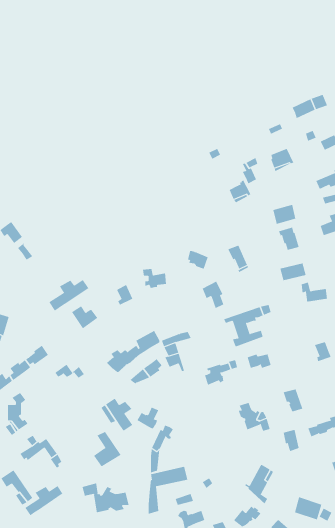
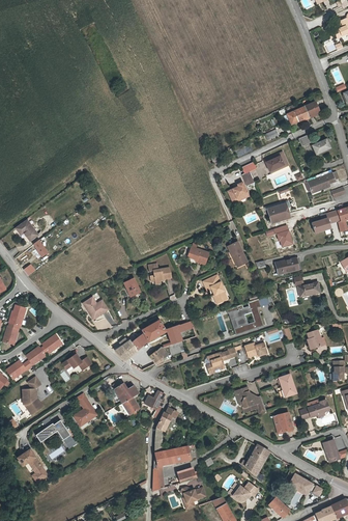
building: [48,279,89,311] -> none
building: [93,431,121,467] -> [72,393,98,427]
building: [82,483,129,513] -> none
building: [25,485,63,516] -> none

